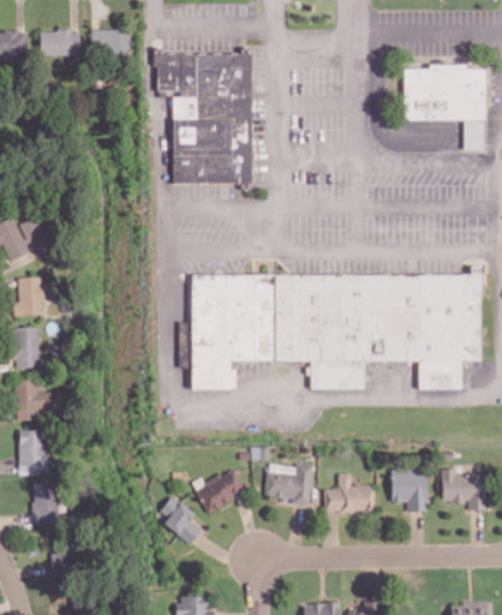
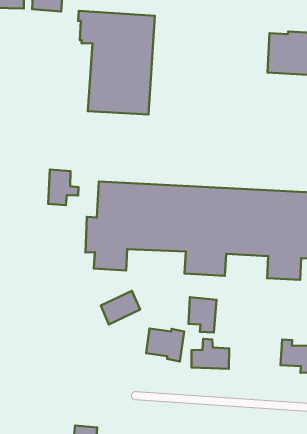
building: none -> [48,170,78,205]
building: [195,467,246,513] -> [101,291,140,324]
building: [392,467,426,512] -> [188,297,216,333]
building: [156,496,201,542] -> none

